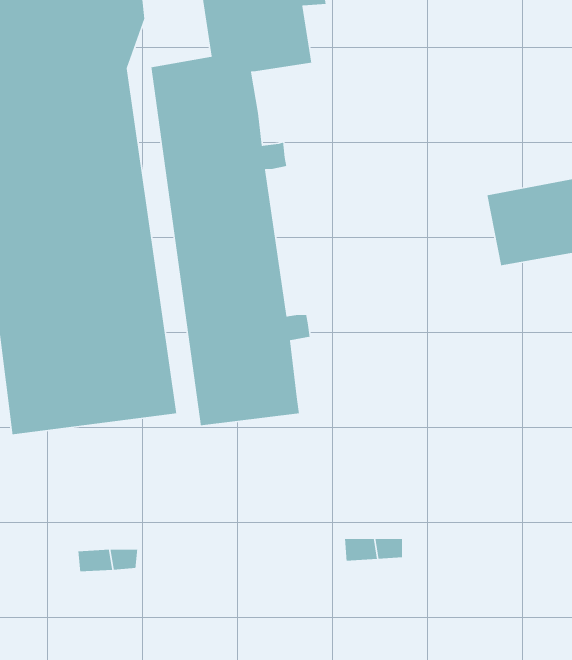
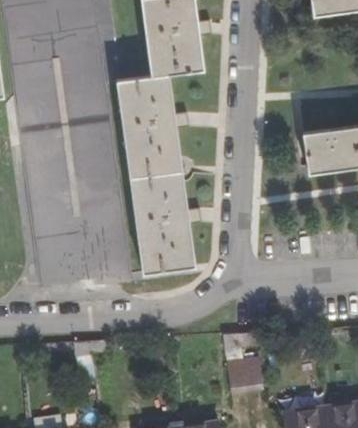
building: none -> [227,357,264,389]

